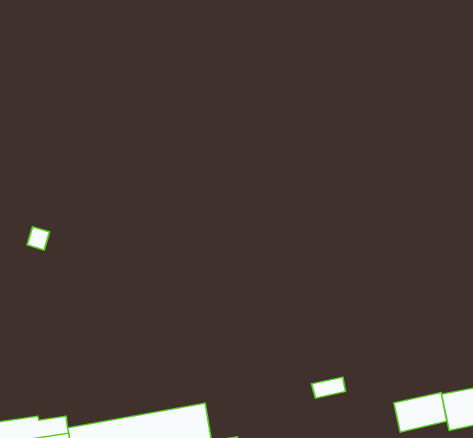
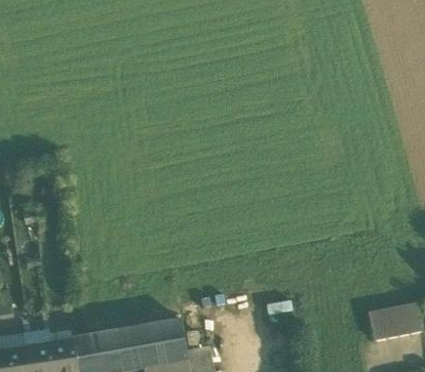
building: [394,393,447,432] -> none

